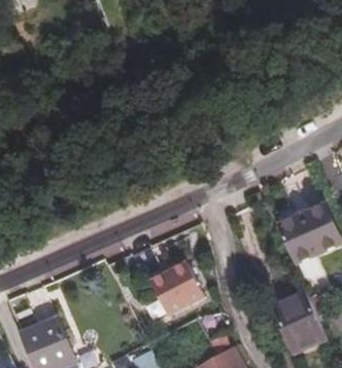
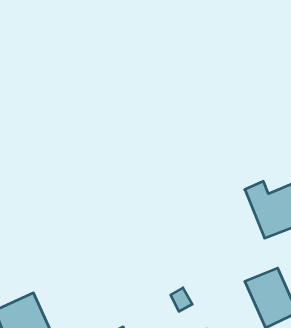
building: [147,261,202,315] -> none

